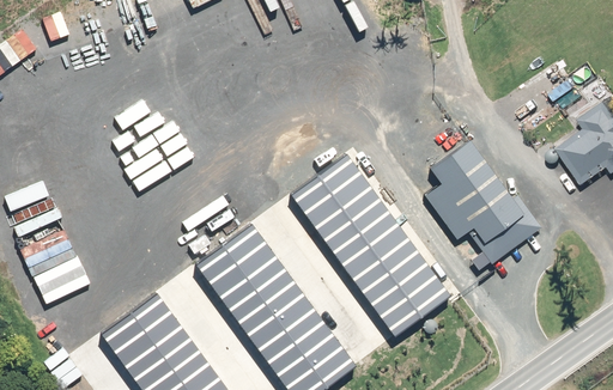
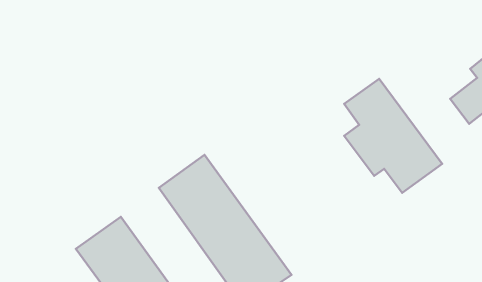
building: [291,153,453,336] -> none

